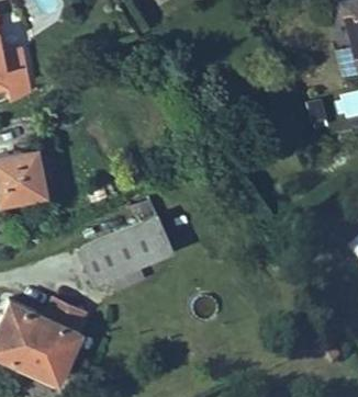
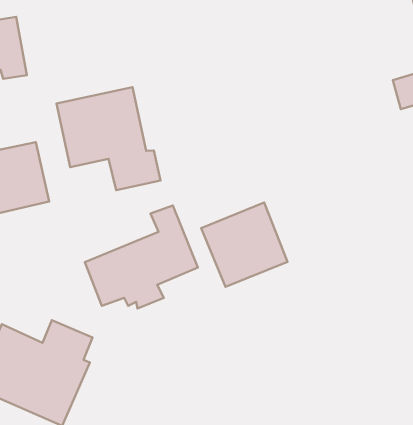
building: none -> [56,87,161,190]
building: none -> [201,203,288,287]

